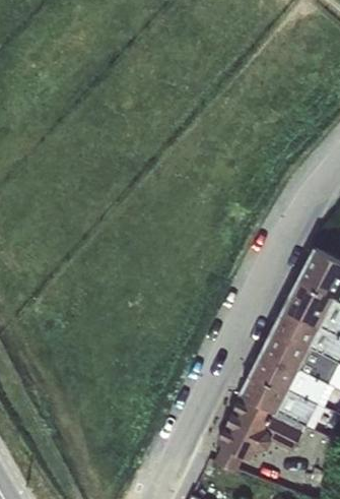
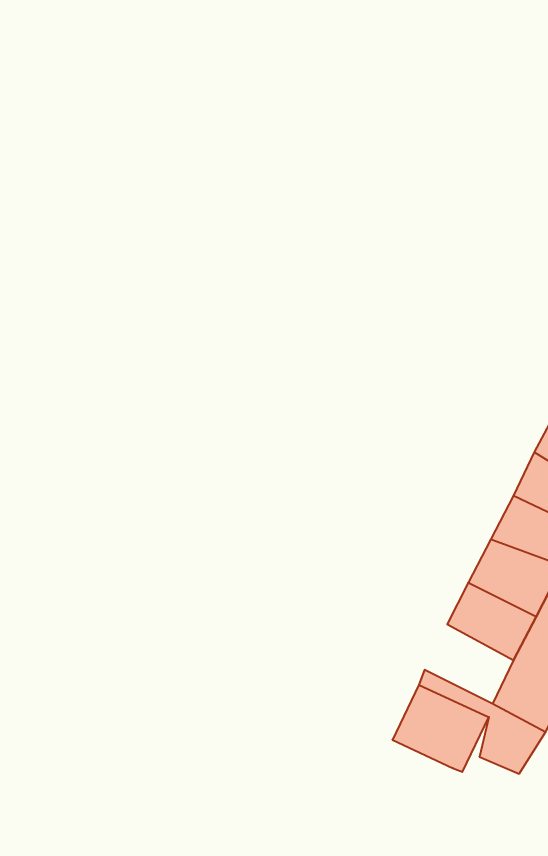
building: [242,370,289,413] -> none
building: [215,432,257,470] -> none

